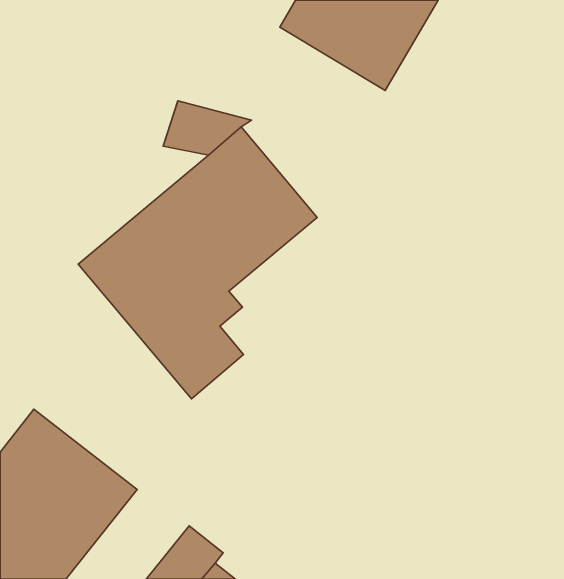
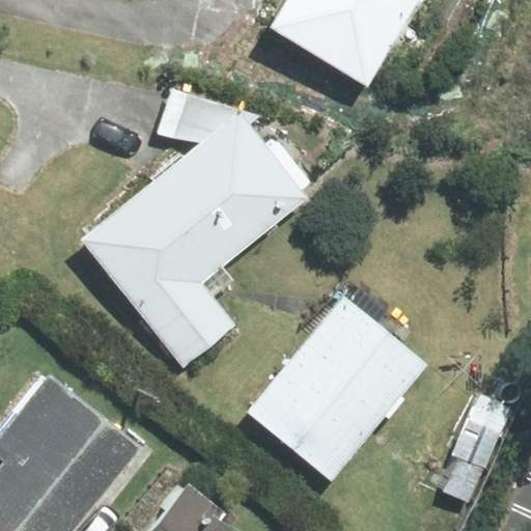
building: none -> [247,300,421,479]

